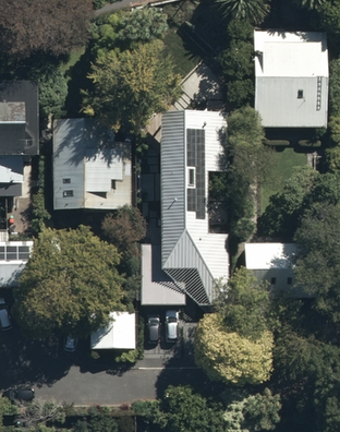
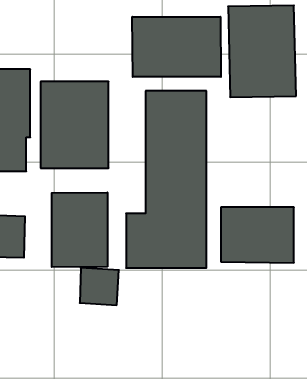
building: none -> [132,17,221,77]
building: none -> [52,192,107,267]

